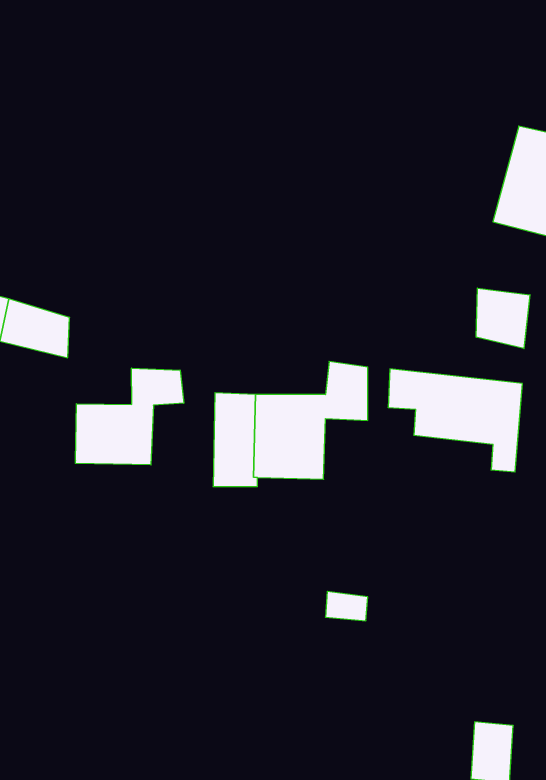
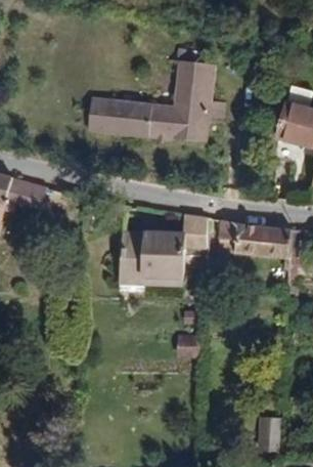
building: none -> [97,61,232,141]
building: [476,288,530,349] -> none
building: [75,368,184,465] -> none

